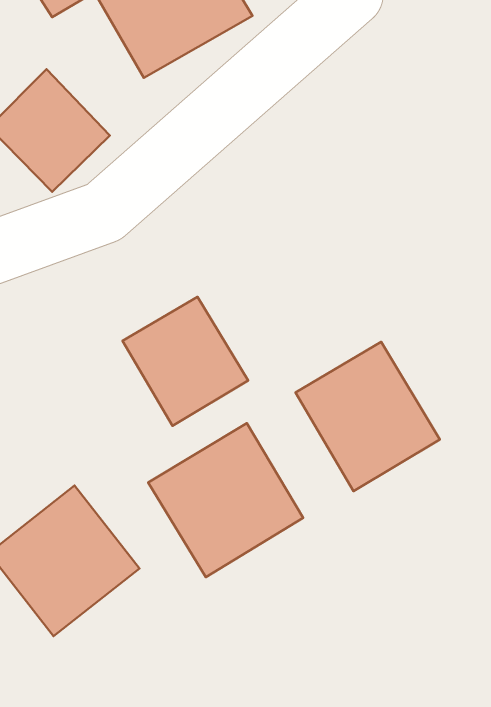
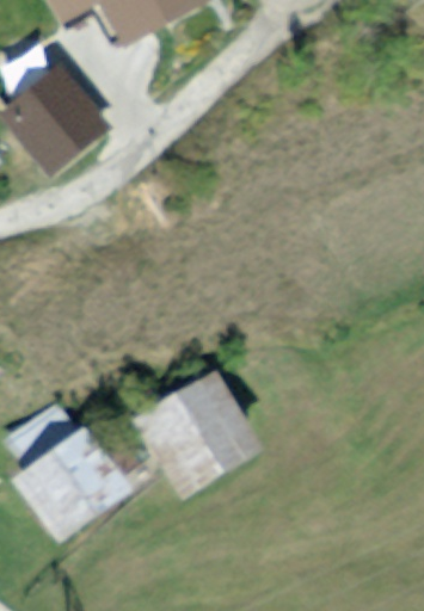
building: [122,297,248,426] -> none
building: [295,342,440,491] -> none

